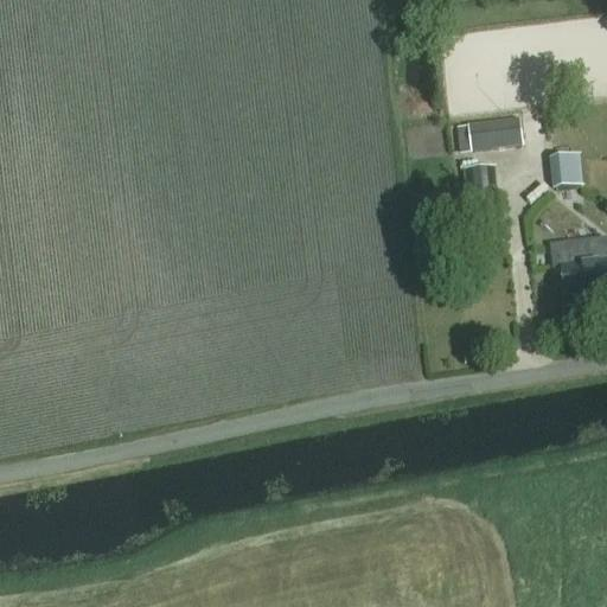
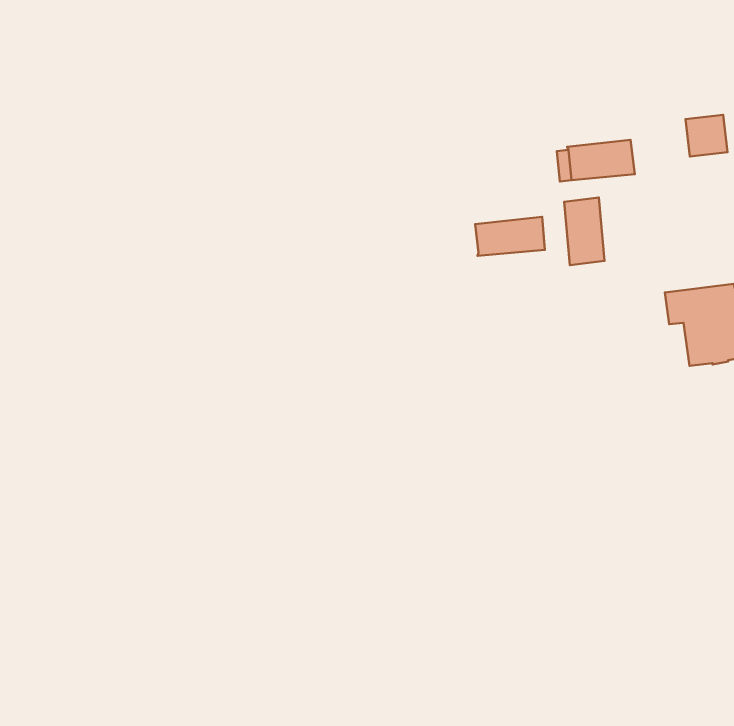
building: [549,153,583,187] -> [686,115,727,157]
building: none -> [475,217,545,256]

